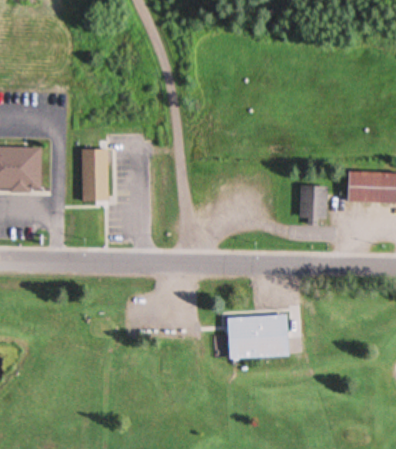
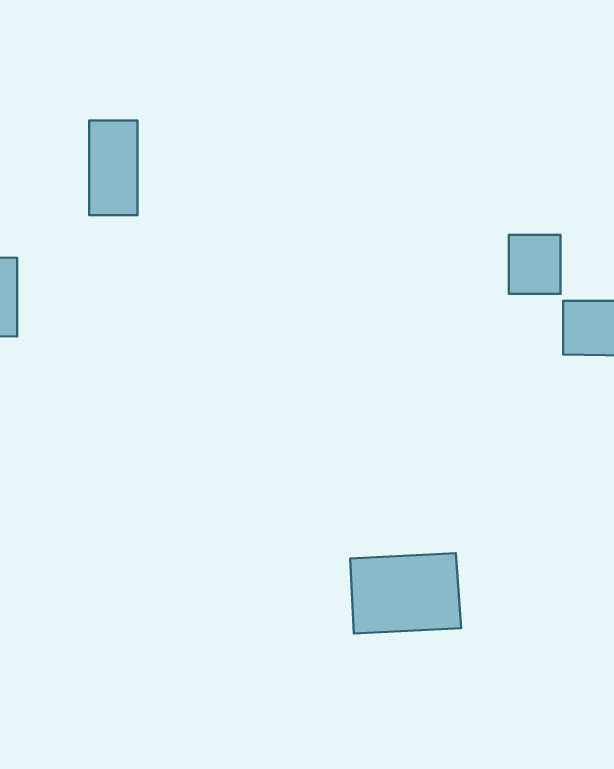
building: [82,147,109,200] -> [89,120,138,215]
building: [299,185,328,218] -> [509,235,561,294]

